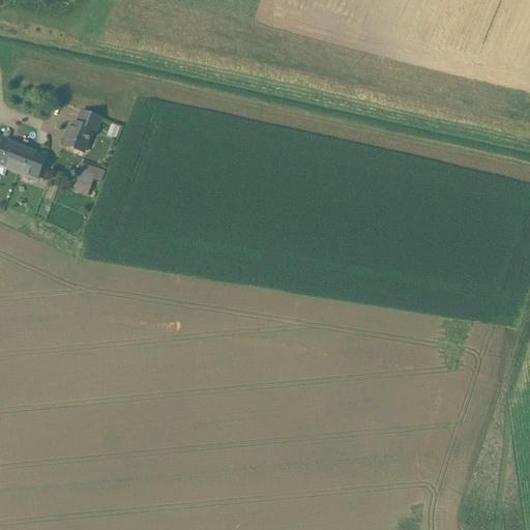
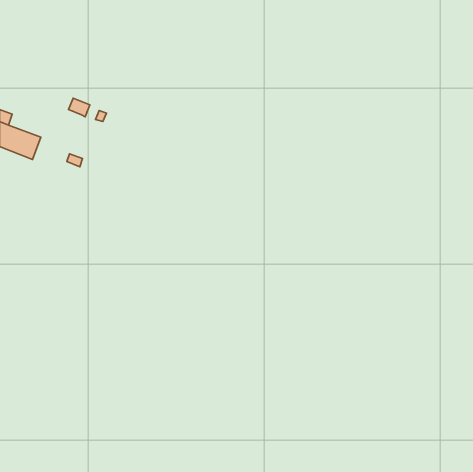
building: [63,121,91,151] -> none

